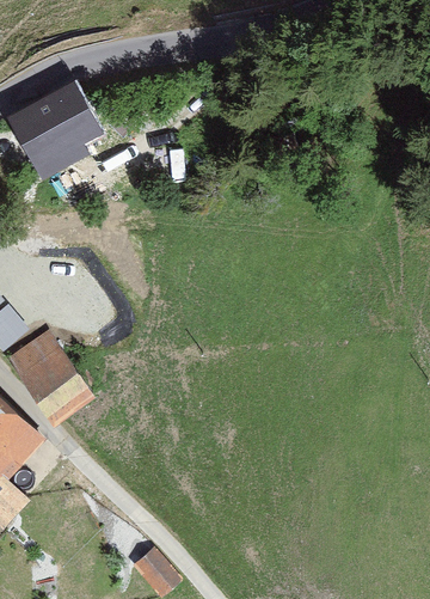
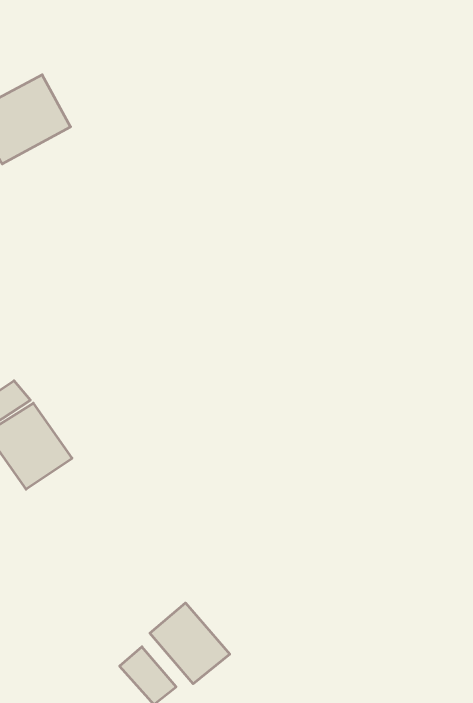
building: none -> [150,603,230,684]

